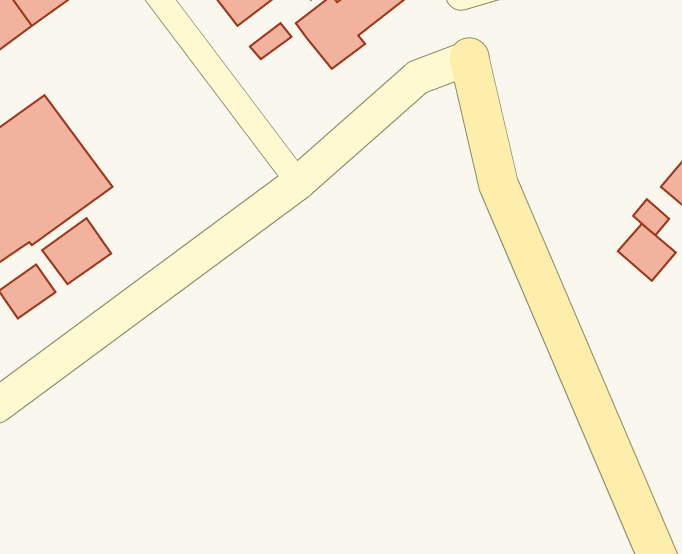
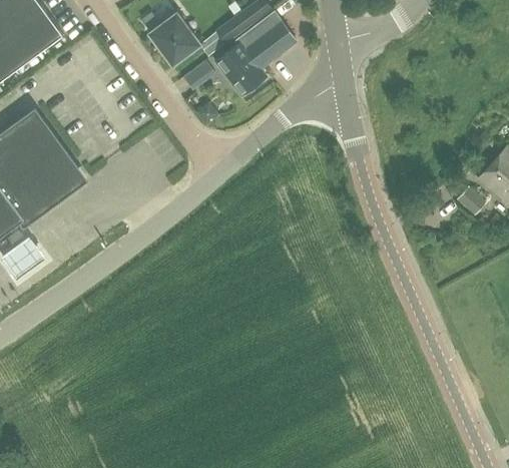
building: [42,218,111,284] -> none
building: [618,224,676,281] -> none

